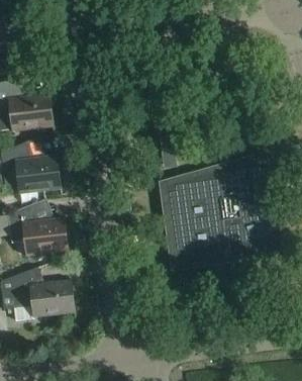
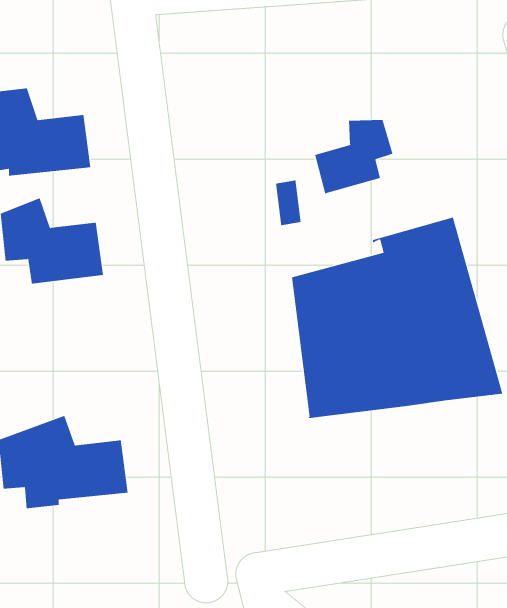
building: none -> [314,119,393,194]
building: [8,204,68,254] -> none

